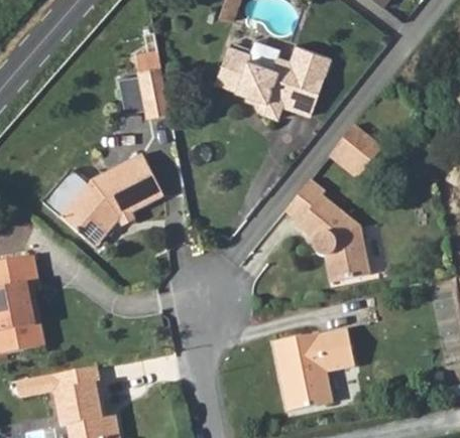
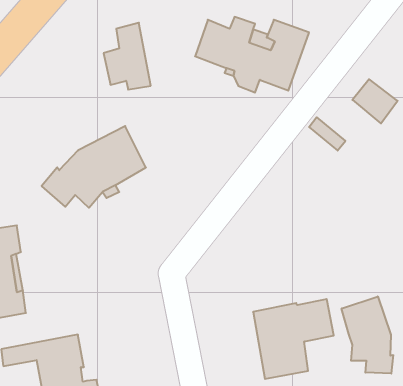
building: [339,124,385,169] -> [352,79,398,123]
building: [284,178,368,283] -> none
building: none -> [342,296,393,374]

